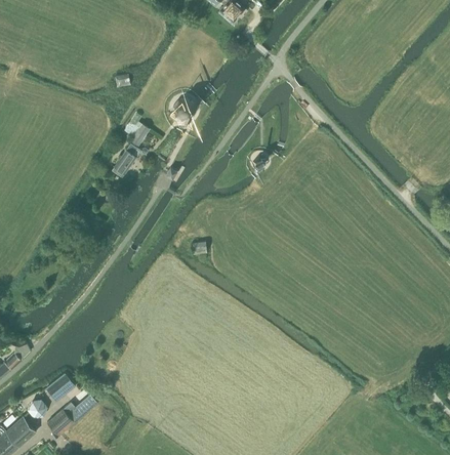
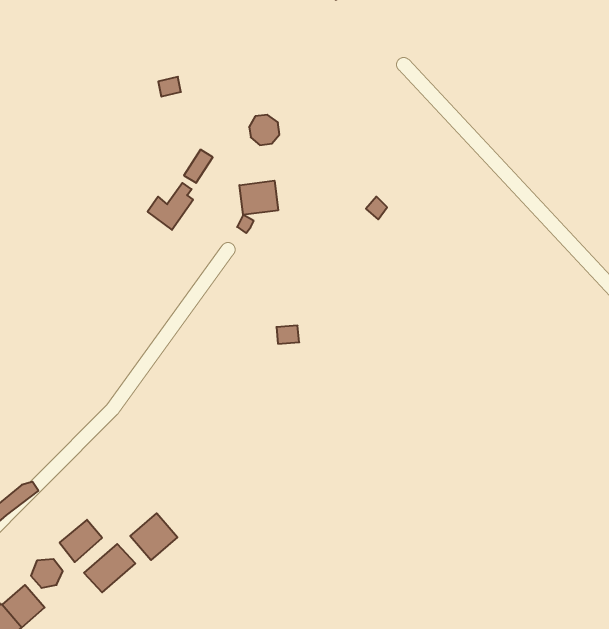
building: none -> [239,181,278,215]
building: none -> [130,513,177,560]
building: [47,409,75,437] -> none

